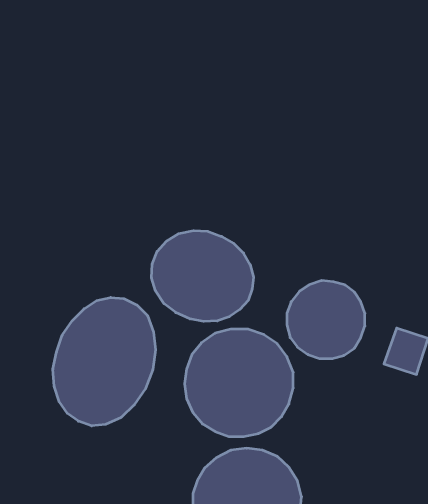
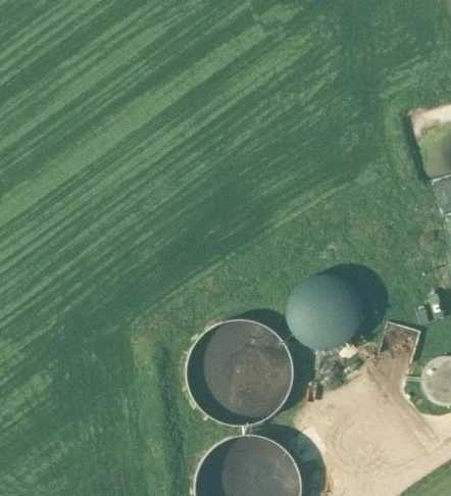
building: [152,231,254,321] -> none
building: [53,297,156,426] -> none

